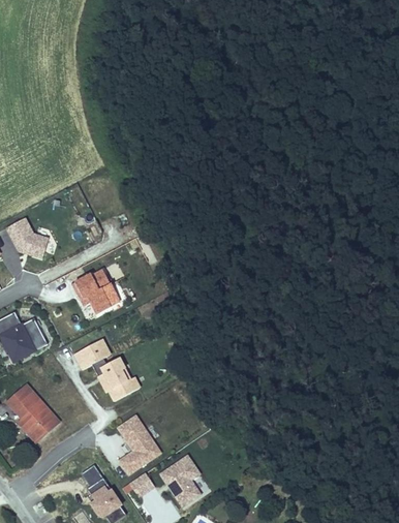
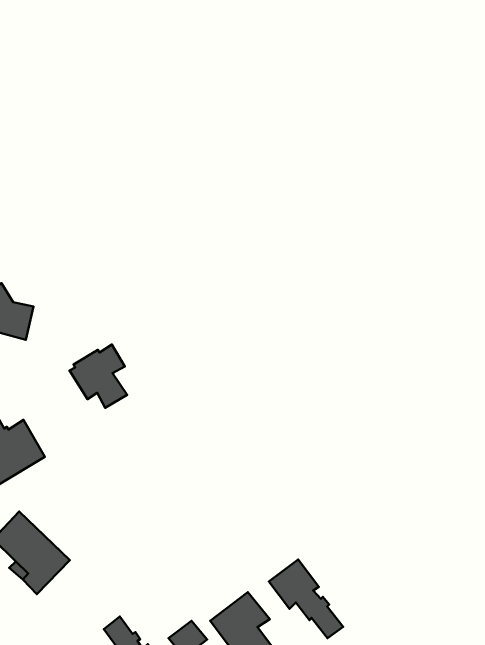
building: [73,339,141,402] -> none
building: [117,414,161,474] -> none
building: none -> [269,560,343,638]

